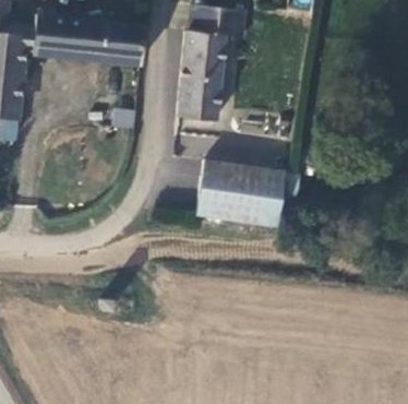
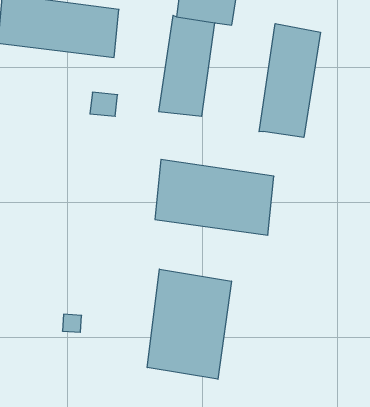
building: none -> [259,24,320,137]
building: none -> [147,269,231,379]

